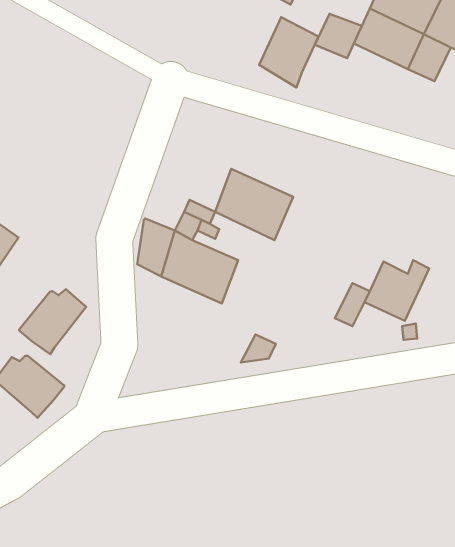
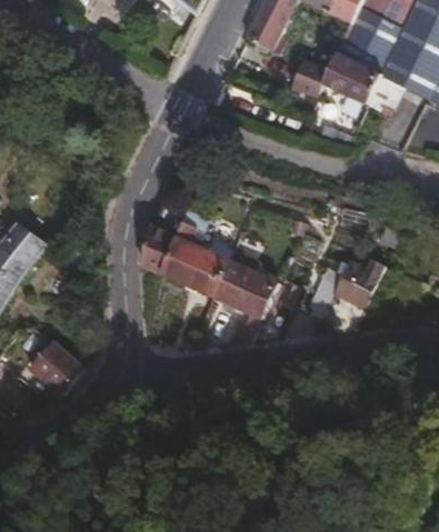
building: [259,17,319,88] -> none
building: [215,169,293,240] -> [213,261,278,320]
building: [19,289,86,354] -> none

